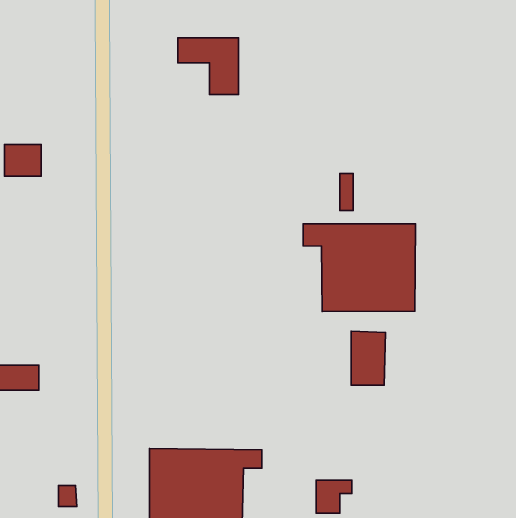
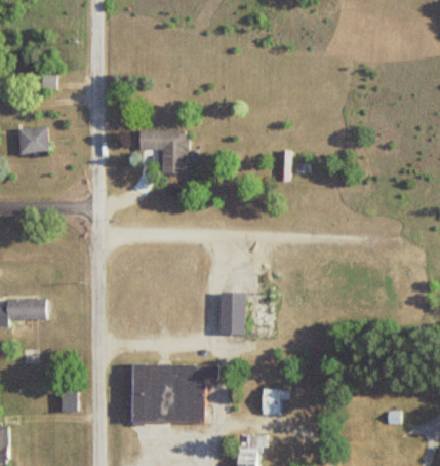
building: [178,38,239,95] -> [139,131,187,176]
building: [303,224,416,312] -> none
building: [351,331,386,385] -> [219,290,246,333]

